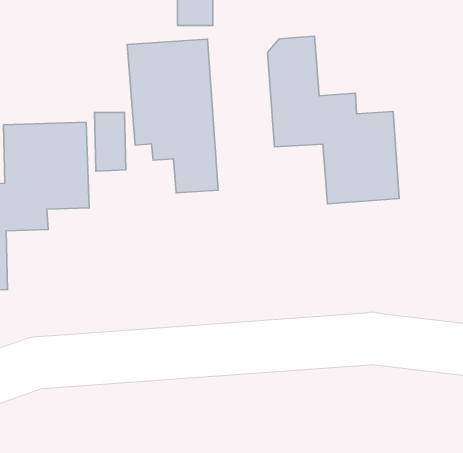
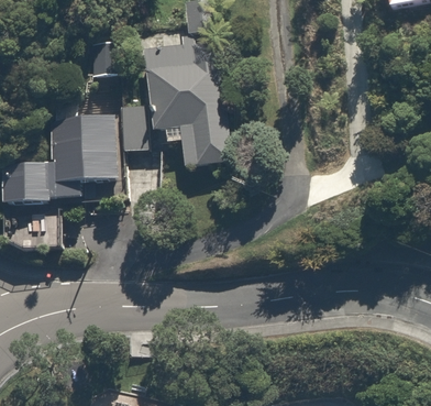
building: [267,36,399,204] -> none

